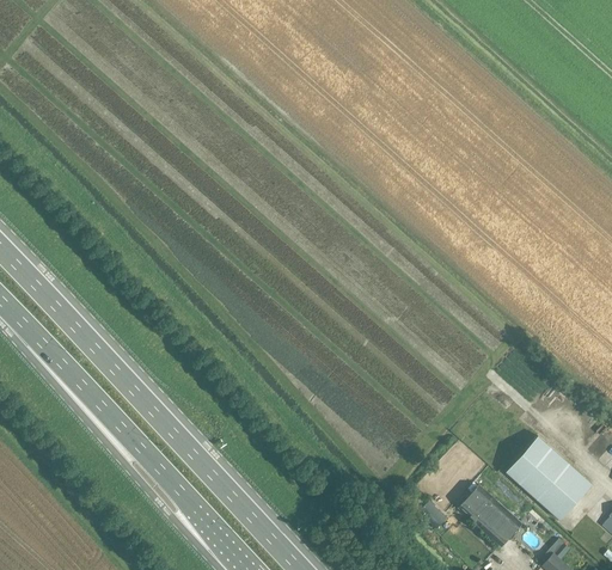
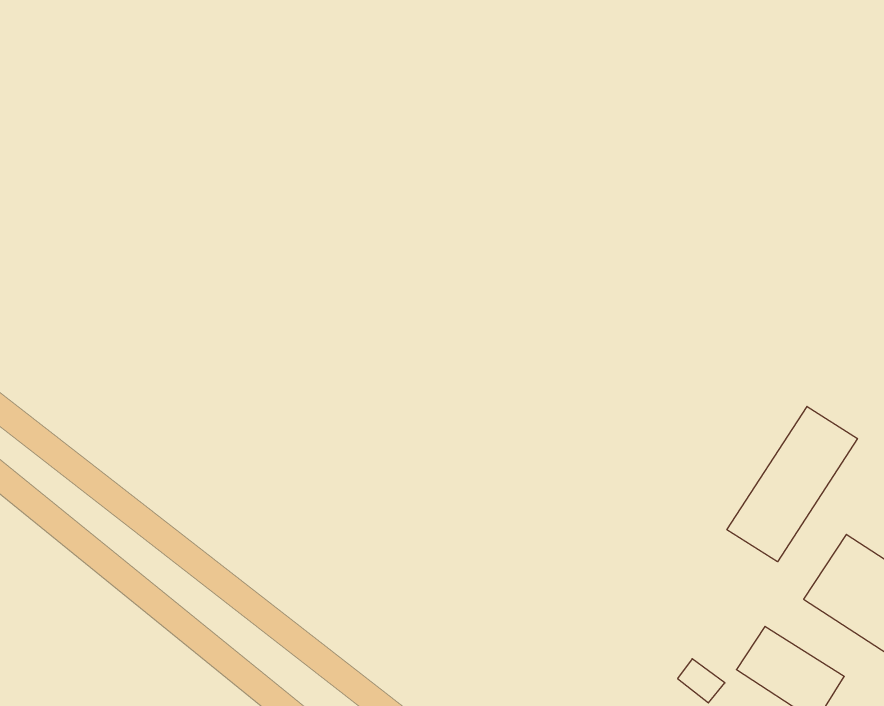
building: none -> [727,406,857,562]

